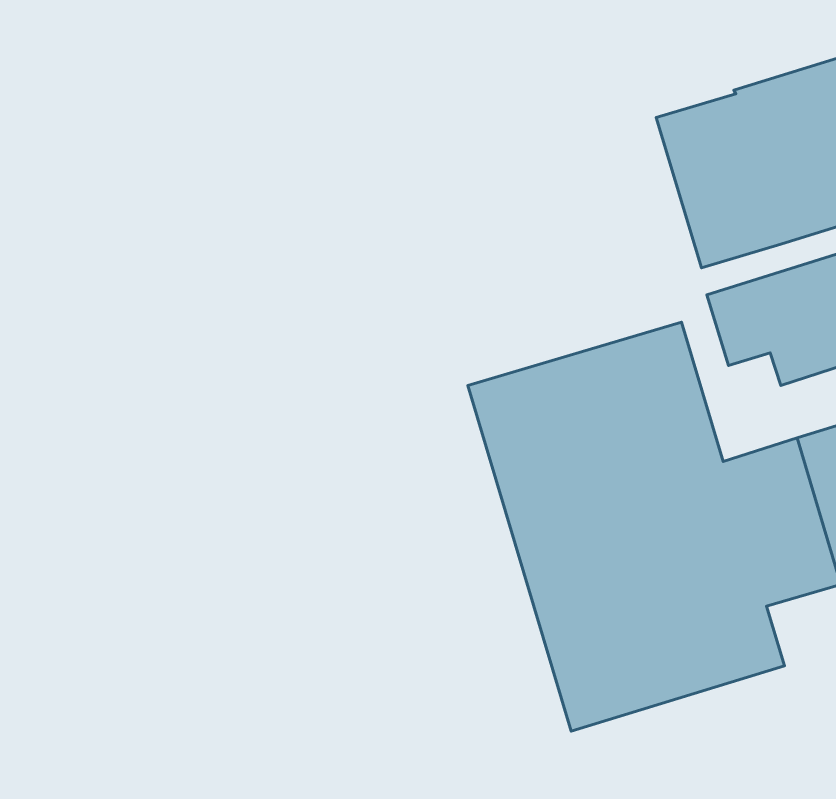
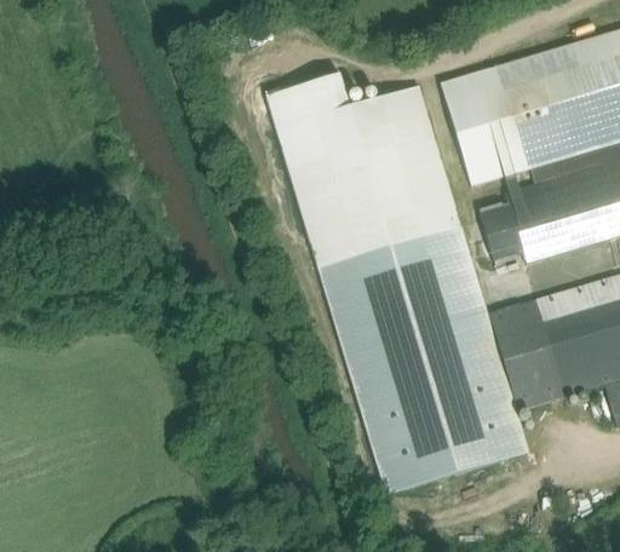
building: none -> [265,70,459,264]

